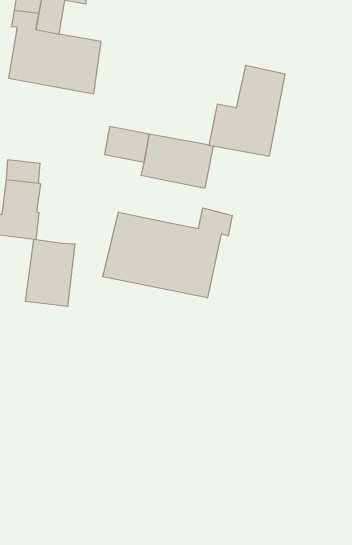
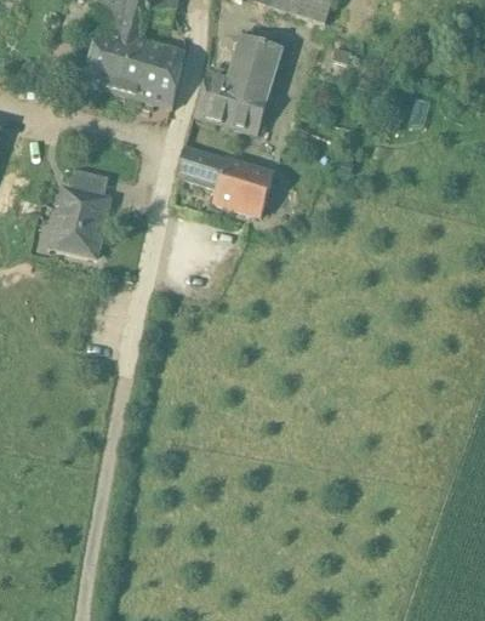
building: [209,66,285,156] -> [193,35,281,133]
building: [103,208,232,298] -> none
building: [25,239,75,307] -> none

